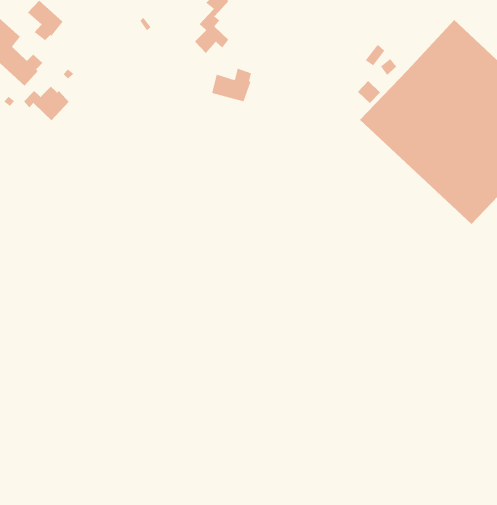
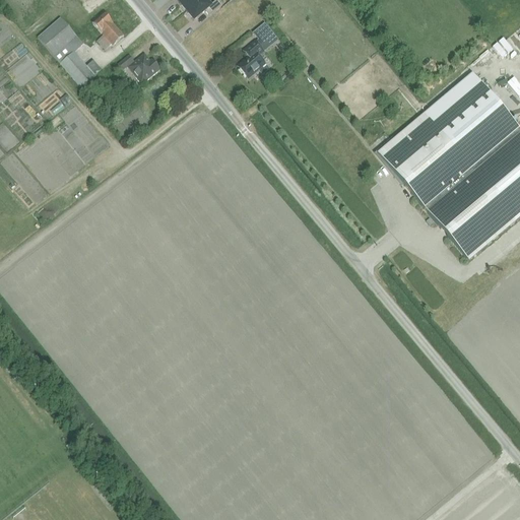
building: [211,68,251,102] -> none
building: [23,86,70,121] -> [119,51,160,82]

